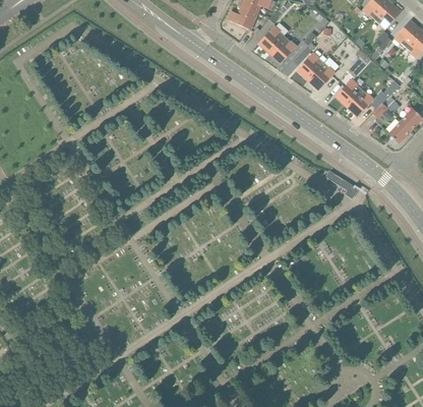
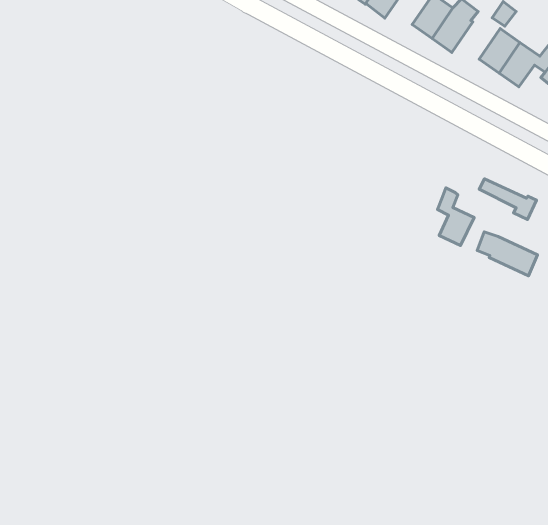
building: none -> [437,188,474,246]
building: none -> [477,232,538,276]

